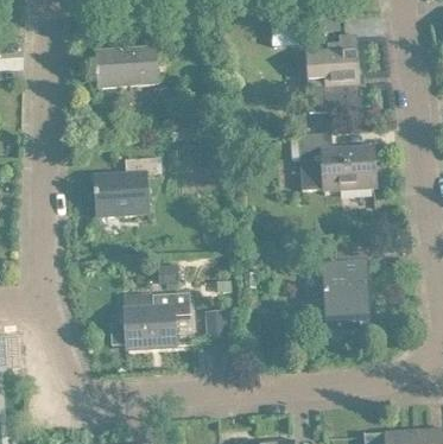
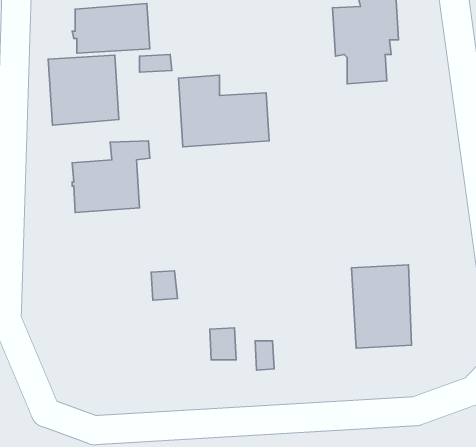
building: none -> [48,55,119,125]
building: [298,132,372,190] -> [179,75,269,147]
building: [110,292,190,348] -> none

